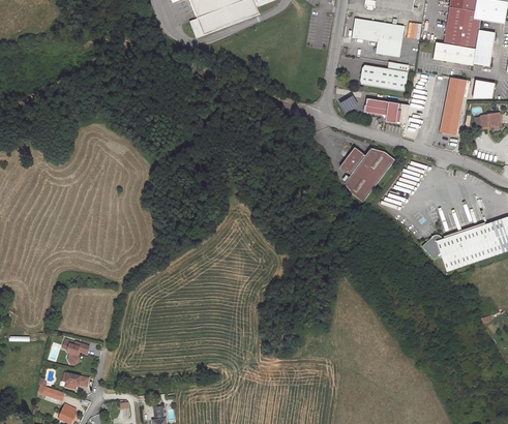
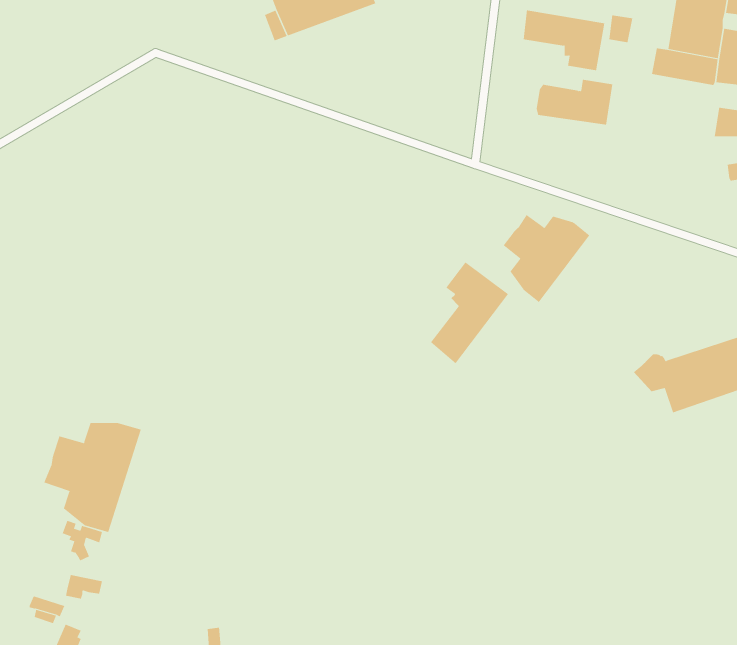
building: [441,77,467,134] -> none
building: [365,97,401,122] -> none
building: none -> [430,262,509,364]
building: none -> [43,422,142,533]

